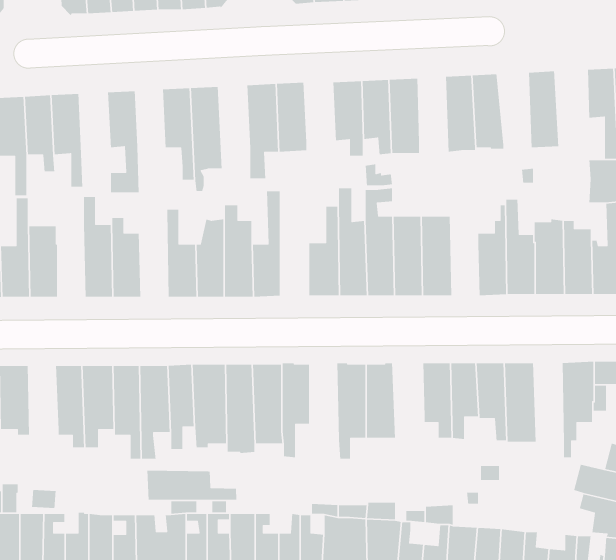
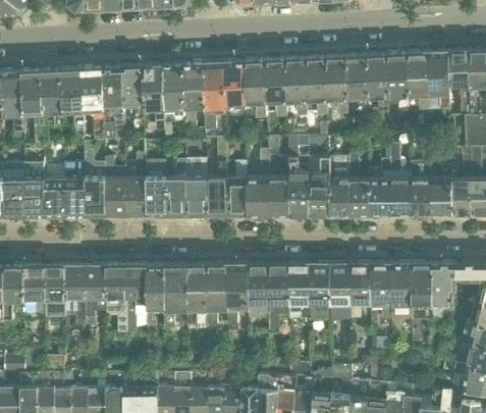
building: none -> [426,51,450,107]
building: none -> [384,53,409,109]
building: none -> [327,56,348,111]
building: none -> [245,60,267,115]
building: none -> [182,62,205,123]
building: none -> [122,65,144,120]
building: none -> [82,67,104,138]
building: none -> [125,154,146,216]
building: none -> [350,154,371,215]
building: none -> [227,162,248,215]
building: none -> [65,163,86,216]
building: none -> [249,263,269,319]
building: none -> [309,263,331,319]
building: none -> [411,263,432,321]
building: none -> [45,265,66,317]
building: [147,470,237,500] -> none

